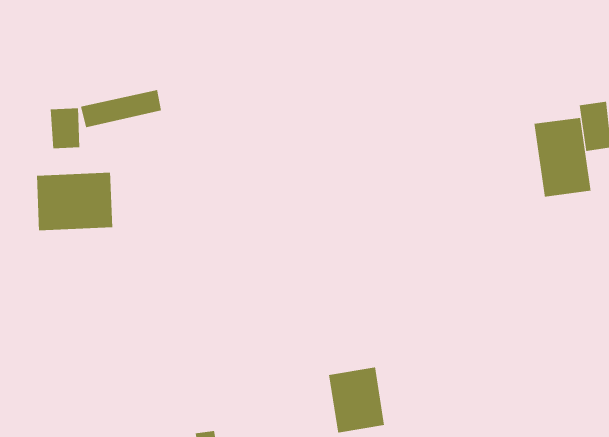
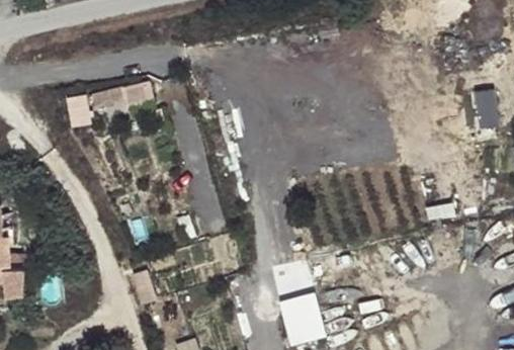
building: [534,117,591,197] -> none
building: [36,172,113,231] -> none

